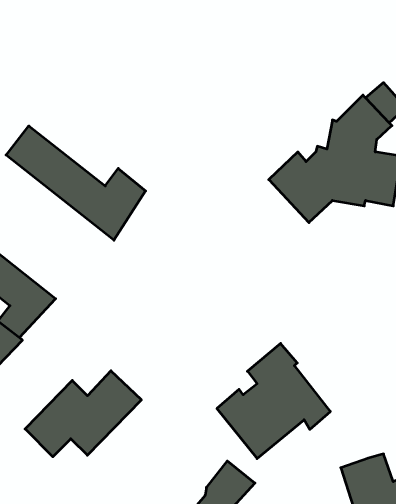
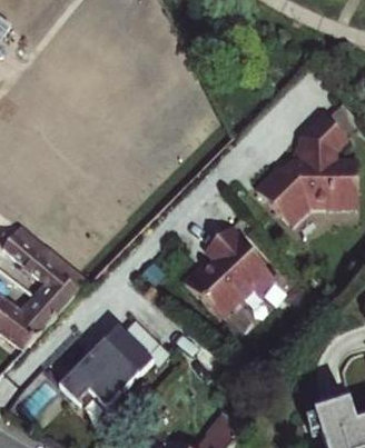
building: [6,126,146,240] -> none
building: [217,343,330,459] -> [178,221,269,313]

